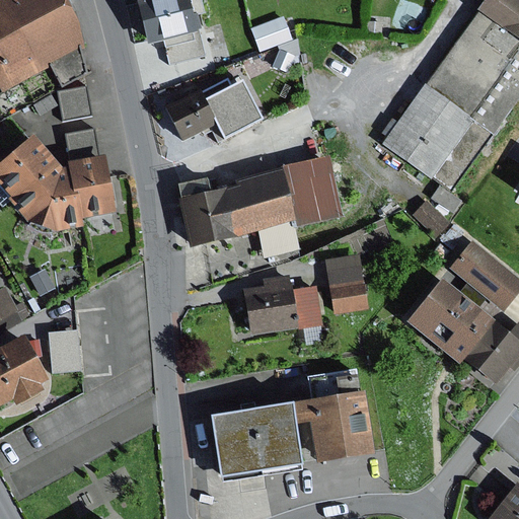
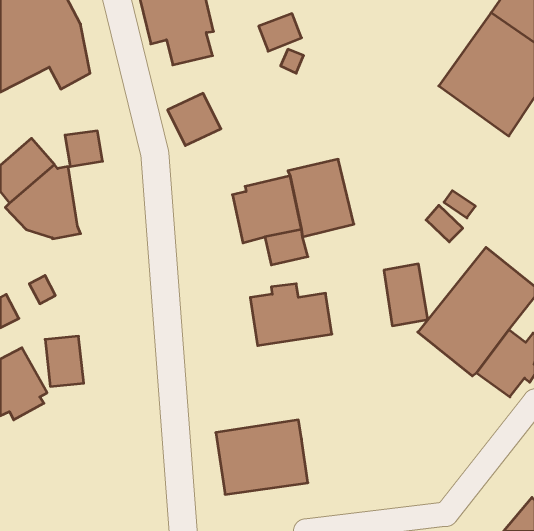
building: [199,77,262,138] -> none
building: [383,83,494,191] -> none
building: [59,84,92,119] -> none
building: [67,155,115,219] -> none
building: [176,178,236,245] -> none
building: [325,252,368,312] -> [384,264,428,326]
building: [290,368,371,462] -> none

